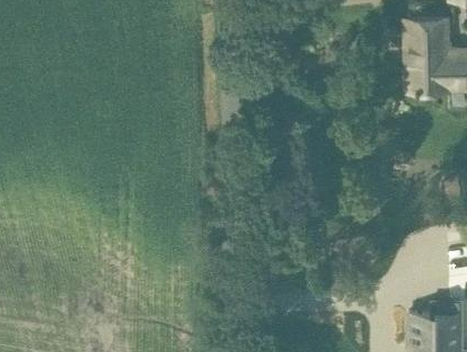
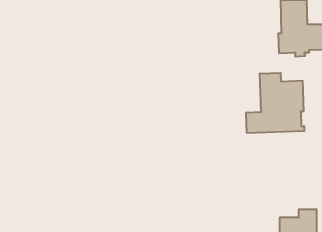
building: none -> [246,73,304,133]

